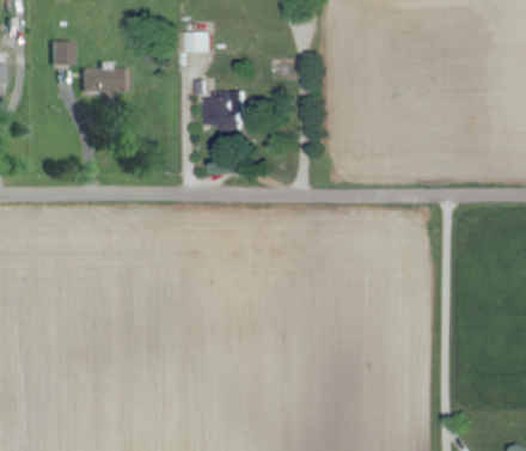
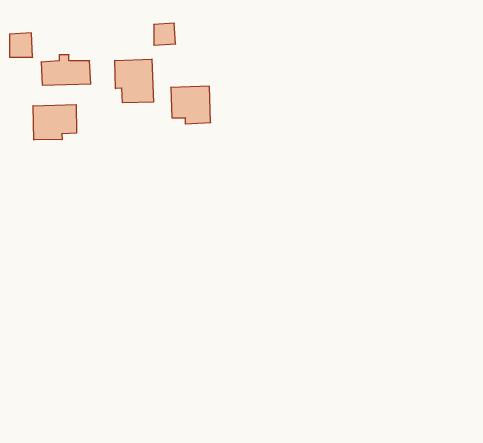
building: none -> [115,59,153,103]
building: none -> [33,105,76,140]

